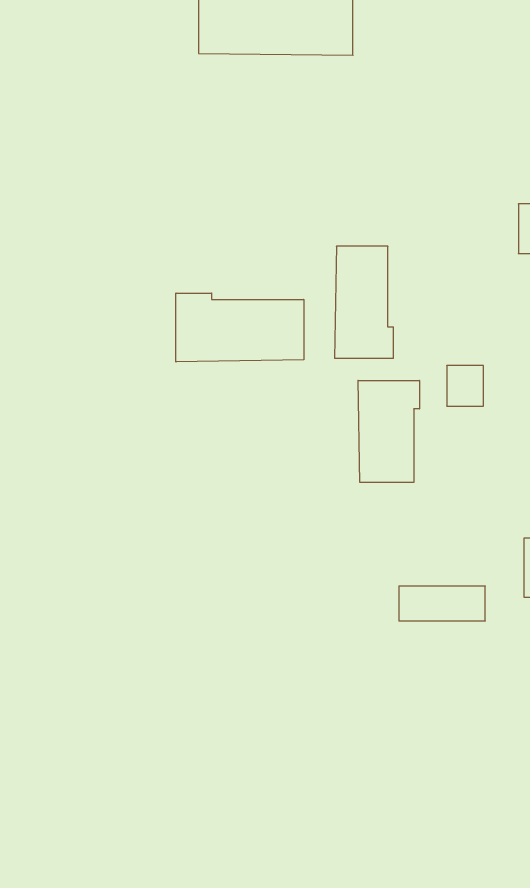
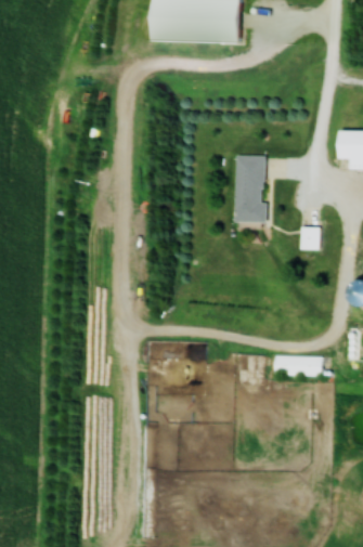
building: [176,293,304,362] -> none
building: [358,380,419,482] -> none

